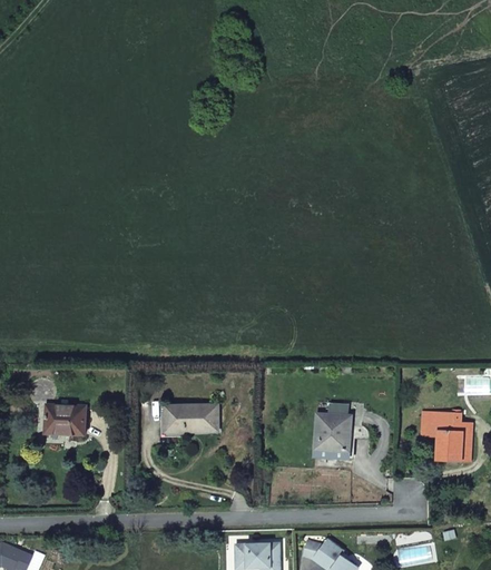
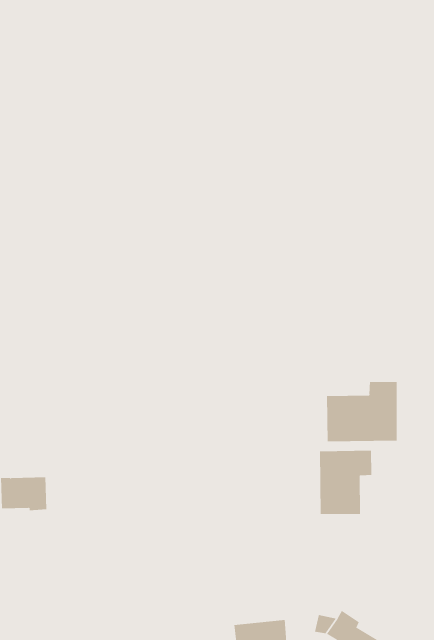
building: none -> [327,381,397,442]
building: [165,405,217,432] -> none

